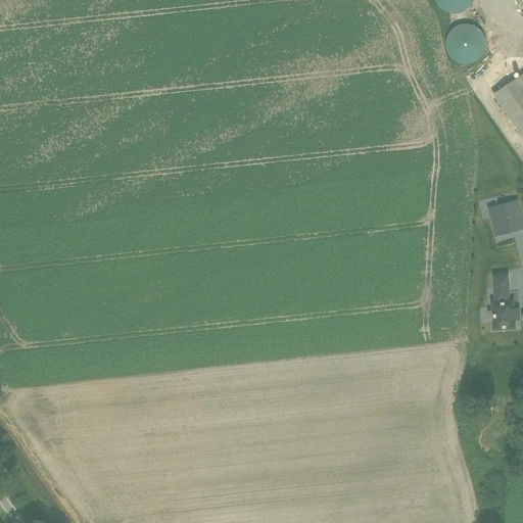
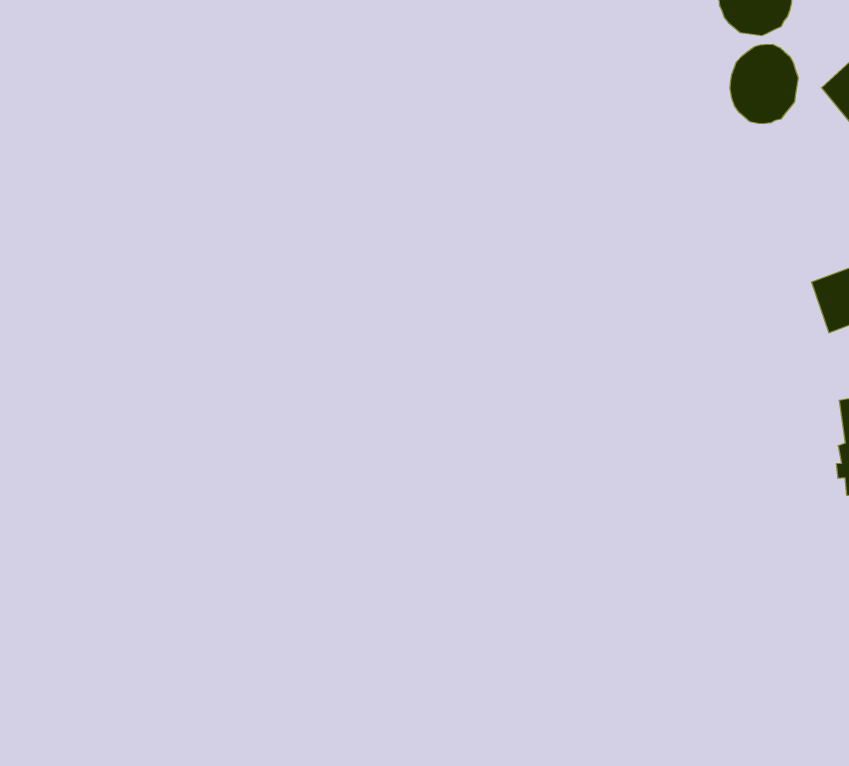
building: none -> [730,44,798,124]

